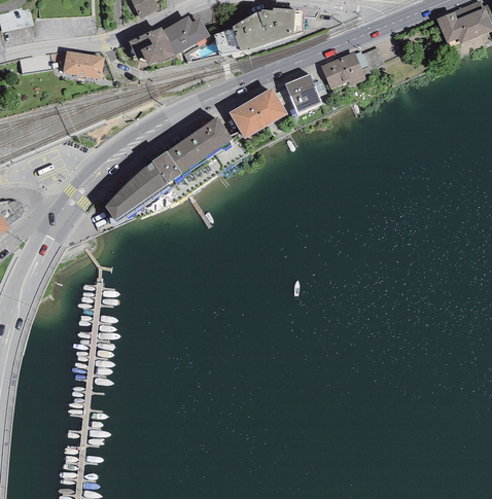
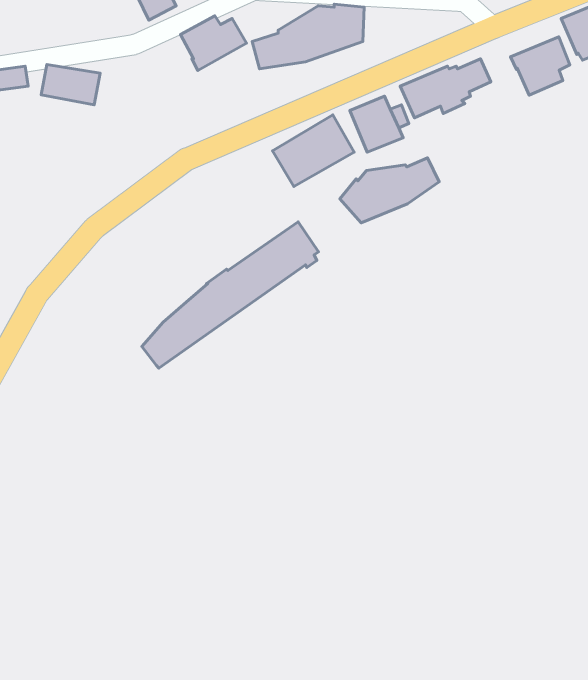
building: [129,27,175,65] -> none
building: none -> [511,37,570,95]
building: [105,116,232,221] -> [142,222,318,368]
building: none -> [340,158,439,223]

